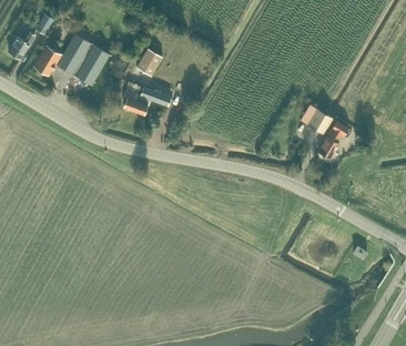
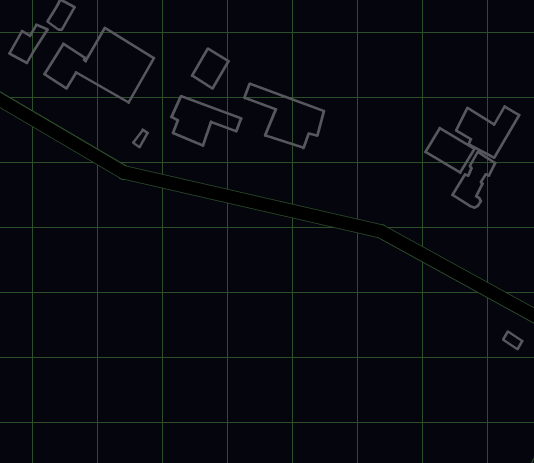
building: none -> [245,84,324,148]
building: none -> [456,106,519,158]

